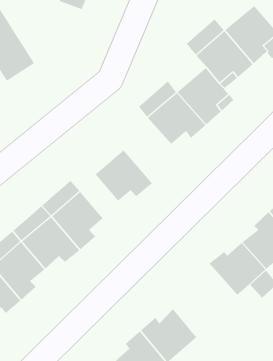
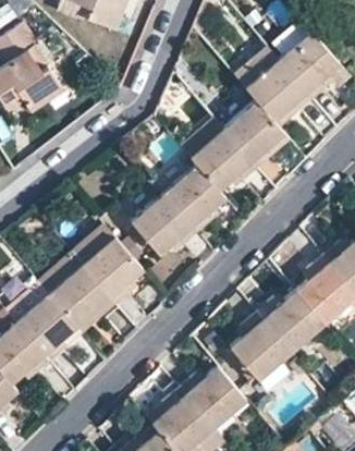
building: none -> [163,161,222,228]
building: none -> [232,318,291,381]

